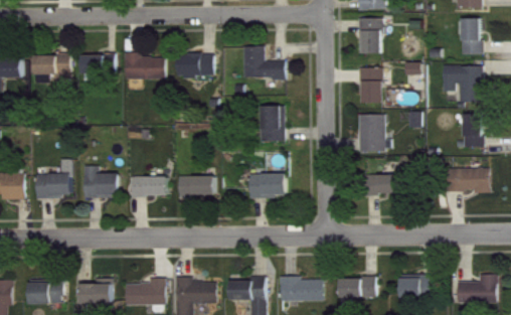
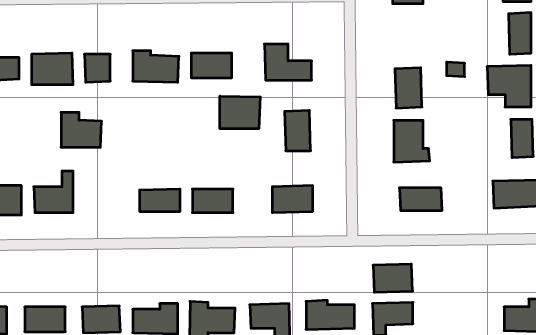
building: [357,18,381,54] -> none
building: none -> [220,96,260,129]
building: [83,166,120,197] -> [61,112,102,147]
building: [399,275,435,300] -> [373,264,413,292]

